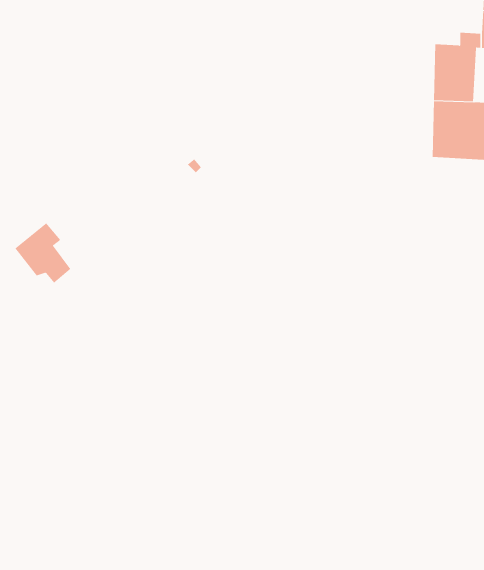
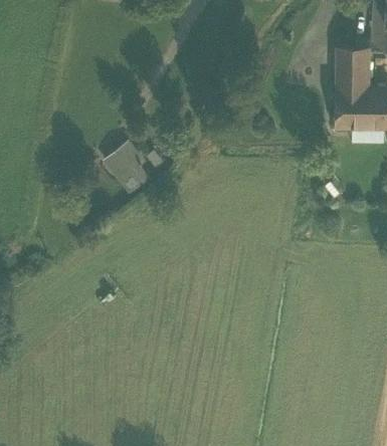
building: [14,222,71,283] -> [108,144,147,186]

